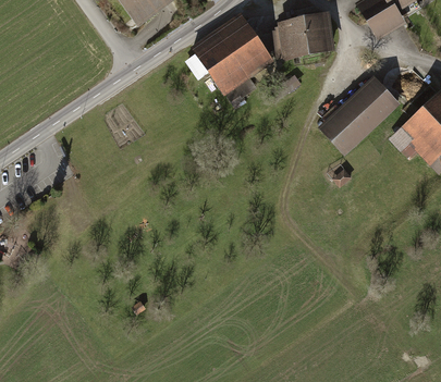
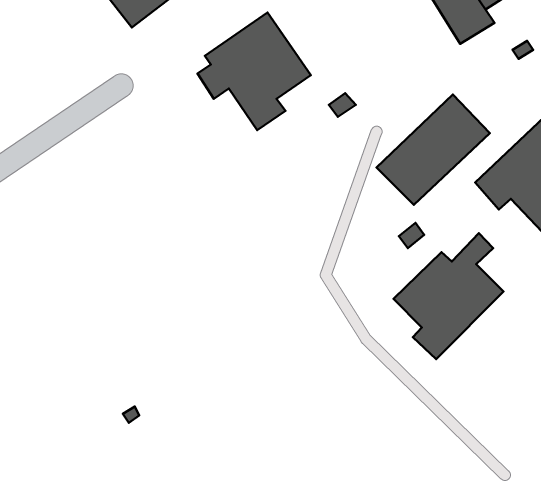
building: [271,11,334,58] -> none
building: none -> [393,233,503,359]

